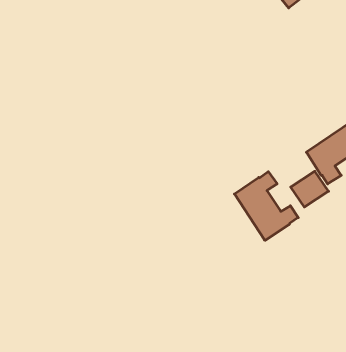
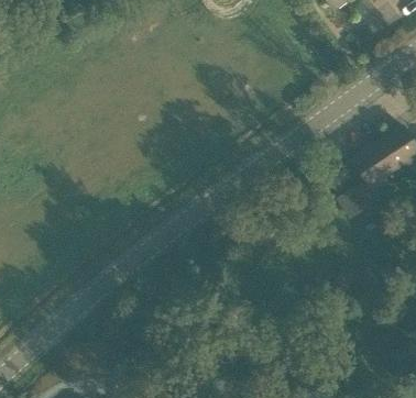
building: [234,172,298,240] -> none

